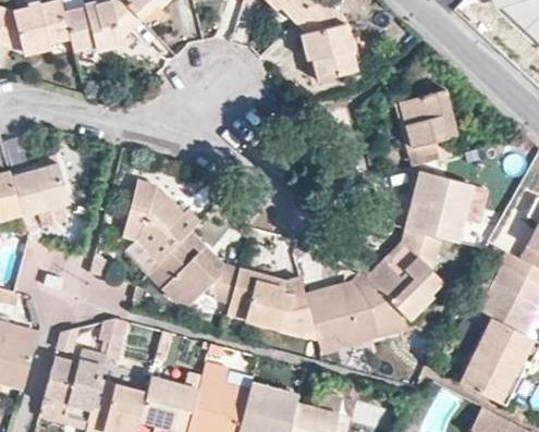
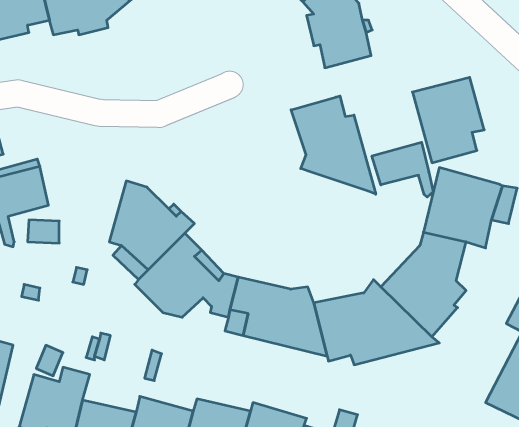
building: none -> [291,96,376,194]
building: none -> [372,142,433,197]

